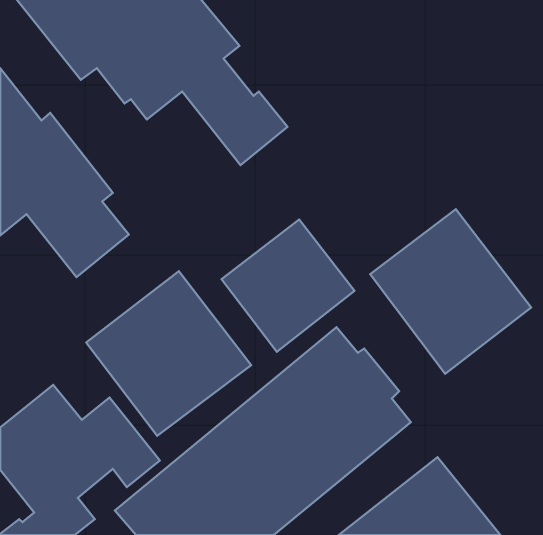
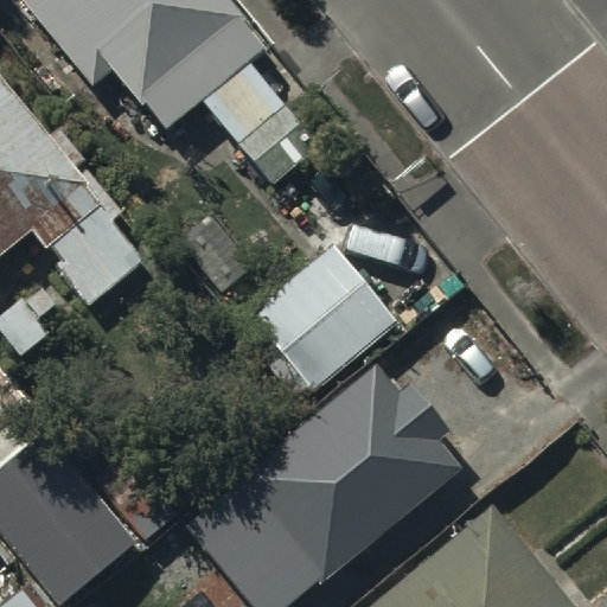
building: [370,209,531,374] -> none
building: [86,271,251,436] -> none

